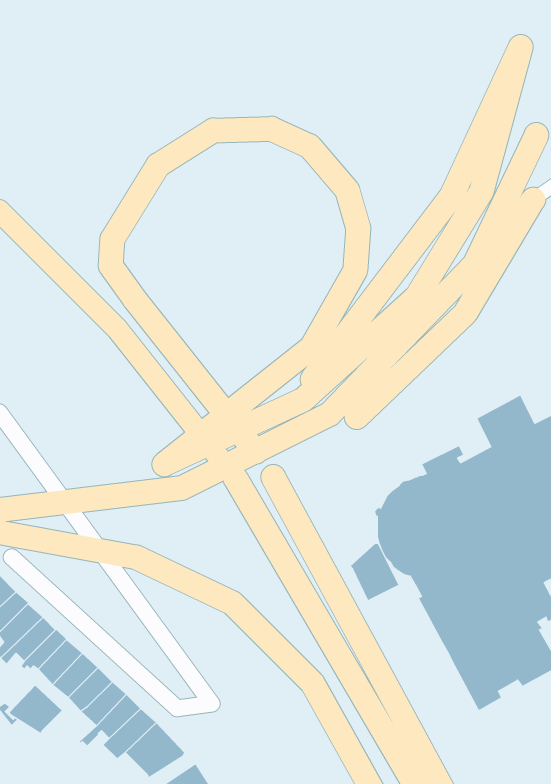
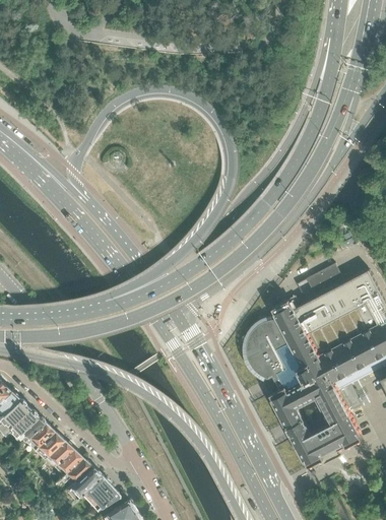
building: [350,543,399,601] -> none
building: [9,685,62,734] -> none

